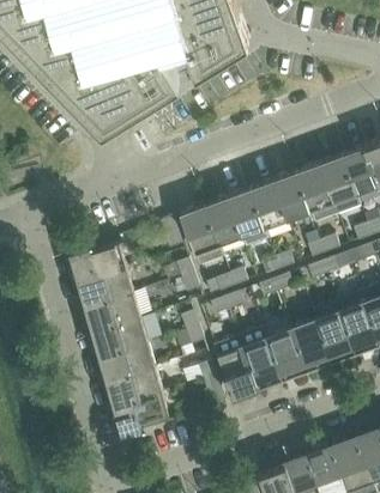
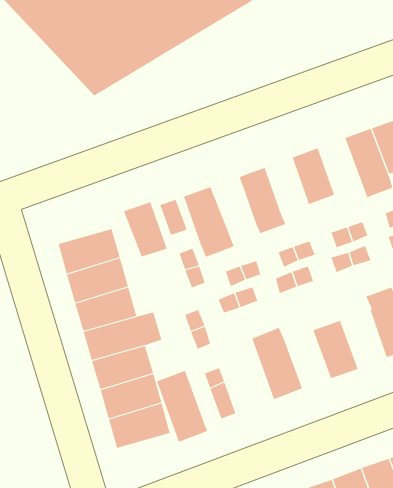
building: [295,163,337,223] -> none
building: [249,179,286,229] -> none
building: [203,196,241,244] -> [123,201,168,257]
building: [309,299,354,361] -> none
building: [266,328,306,378] -> none
building: [212,335,257,397] -> [156,370,208,442]

